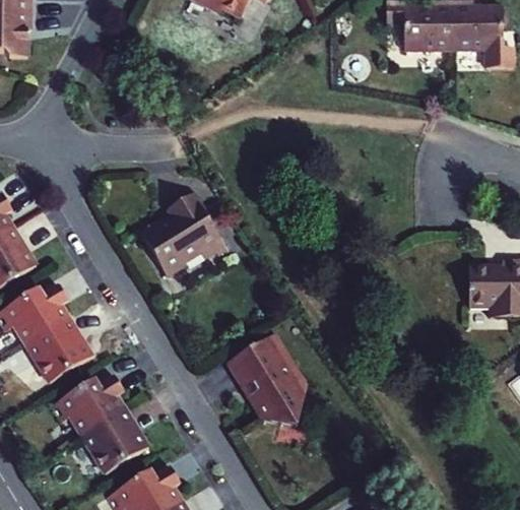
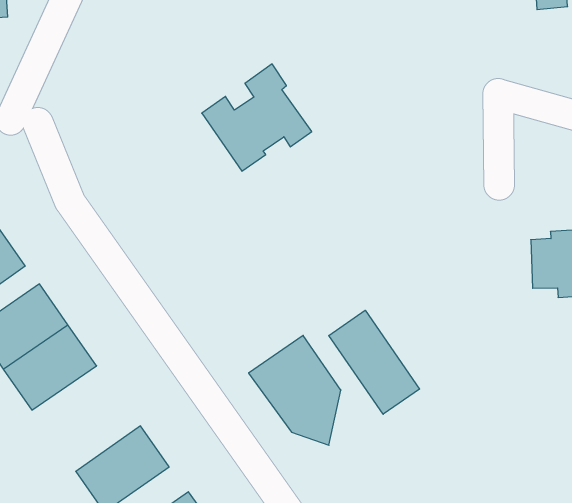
building: [136,189,230,279] -> [202,64,312,171]
building: none -> [329,310,420,414]
building: [46,369,126,441] -> none

